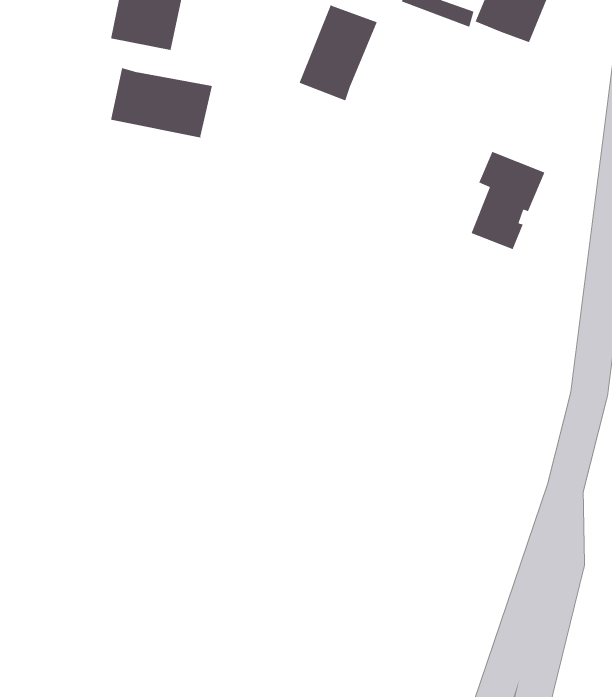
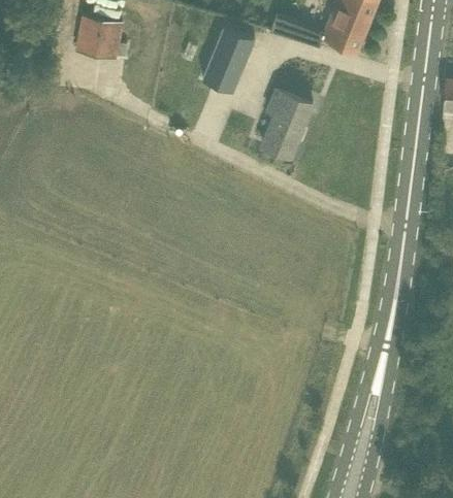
building: [110,67,213,139] -> none
building: [470,151,545,250] -> [263,91,314,158]

